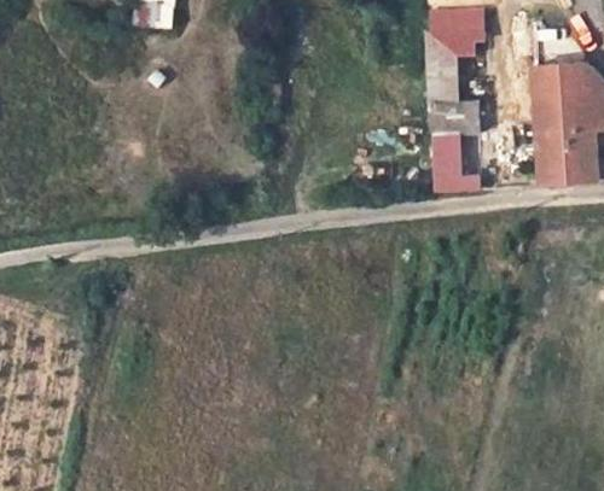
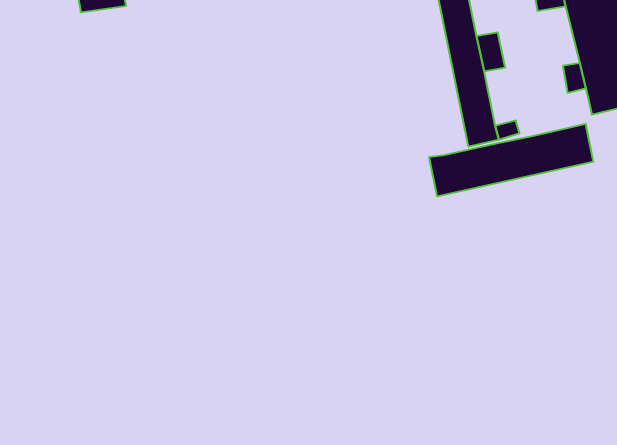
building: none -> [429,124,593,196]

